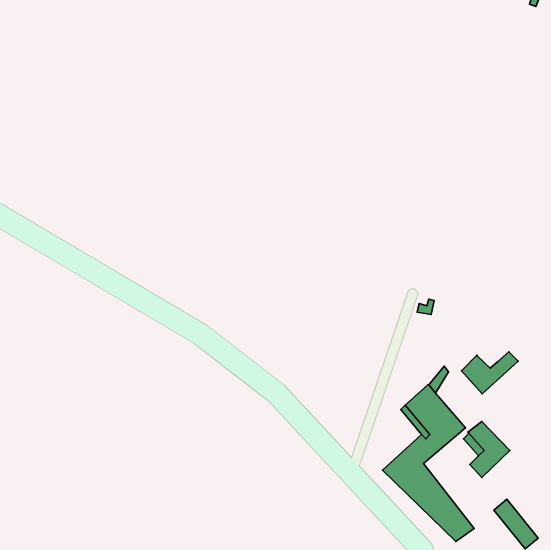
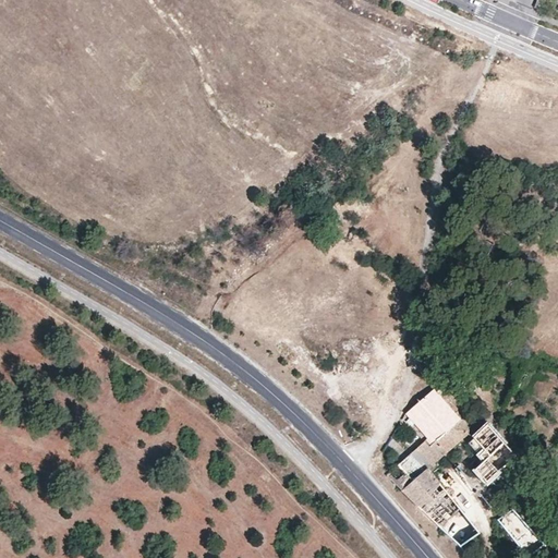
building: [462,352,518,394] -> none

